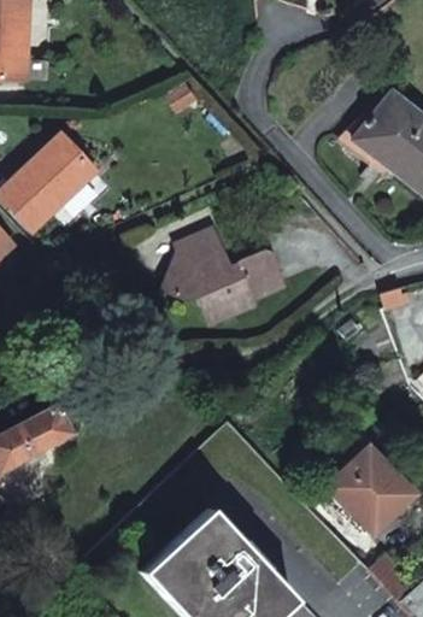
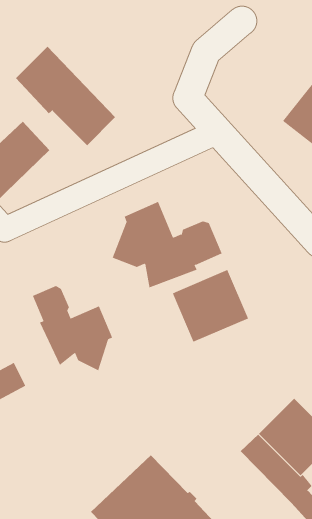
building: none -> [15,46,116,146]
building: none -> [172,269,249,343]
building: none -> [32,285,113,371]

